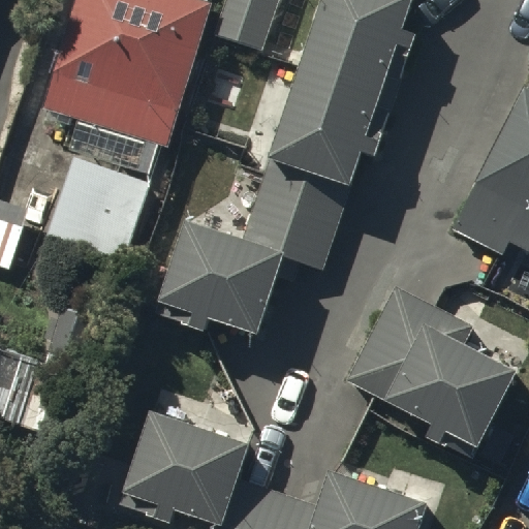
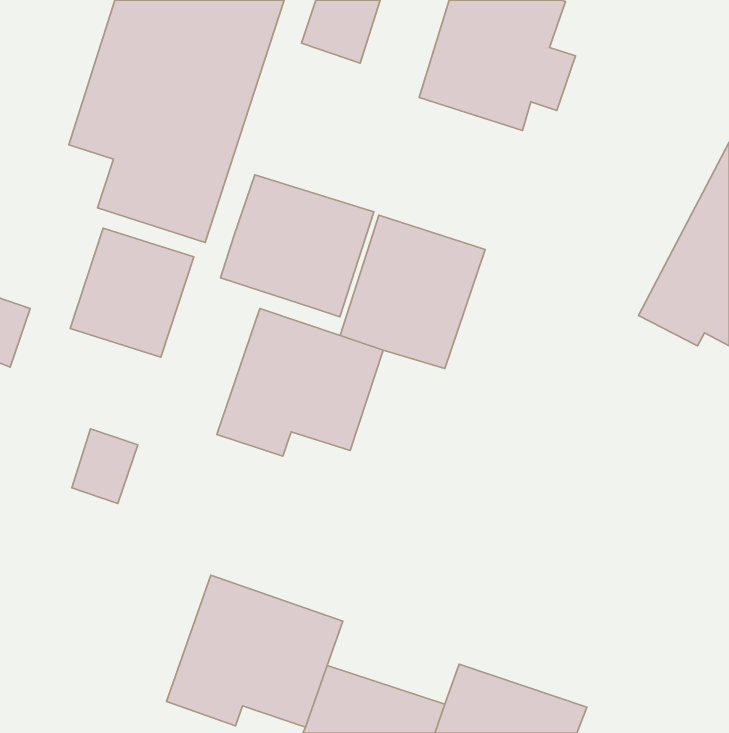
building: [273,70,390,180] -> none
building: none -> [221,175,374,317]
building: [350,291,512,457] -> none

